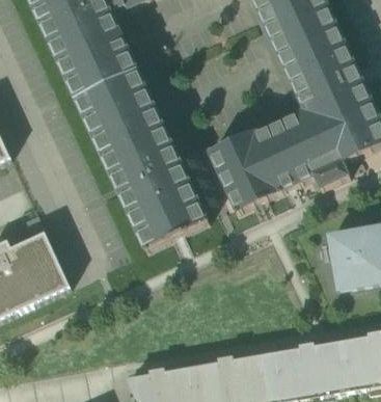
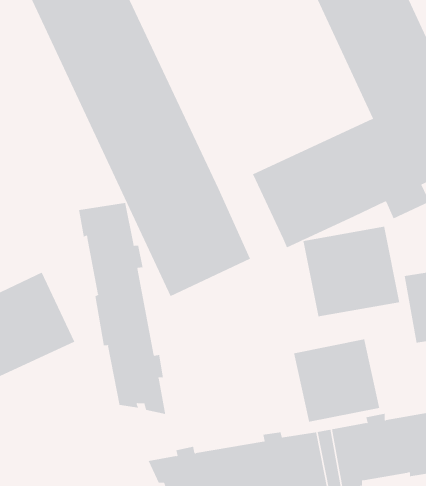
building: none -> [78,202,166,415]
building: none -> [303,226,400,317]
building: none -> [294,339,380,423]

